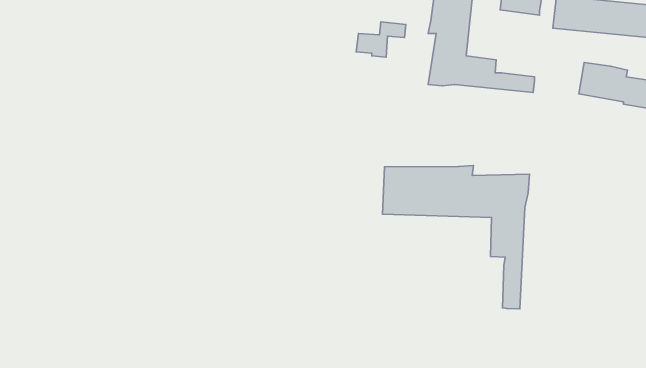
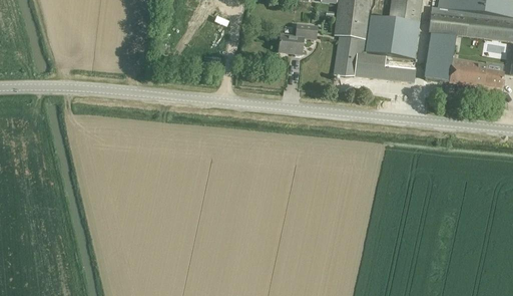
building: none -> [365,14,420,58]
building: none -> [425,32,456,81]
building: [382,165,529,309] -> none

